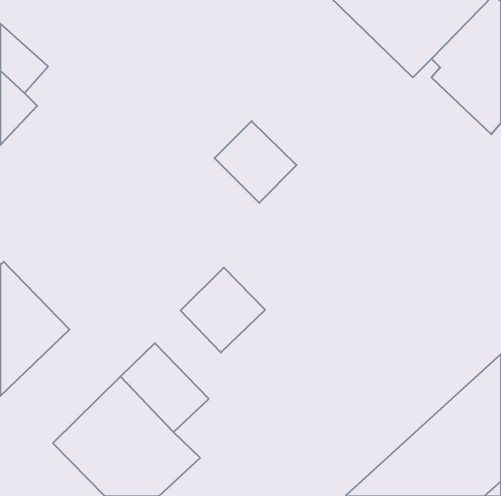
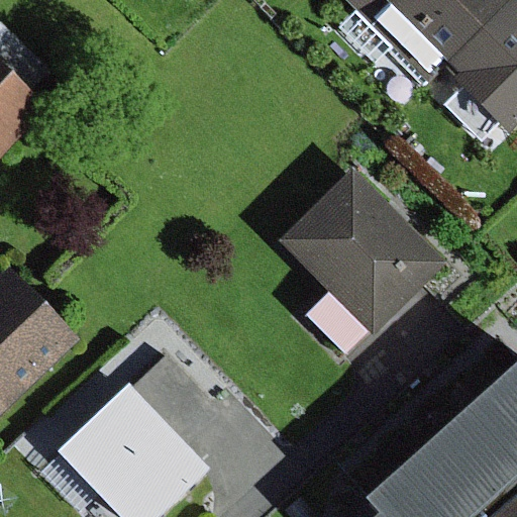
building: [214,121,297,203] -> none
building: none -> [280,171,444,335]
building: [181,268,265,353] -> none

